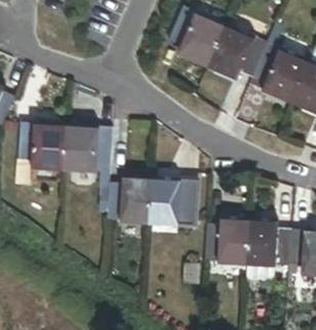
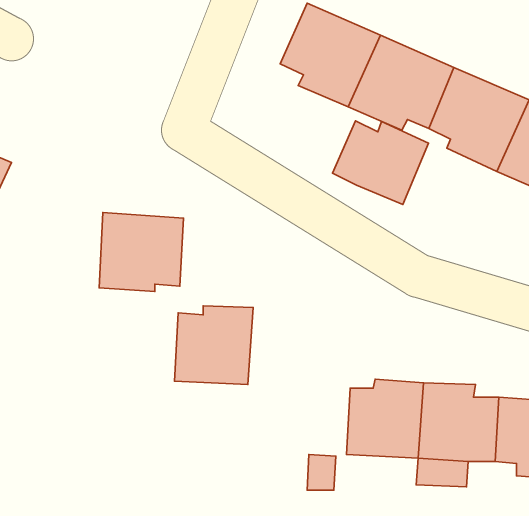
building: none -> [332,121,429,205]
building: [19,123,67,168] -> none
building: [150,179,198,225] -> none

